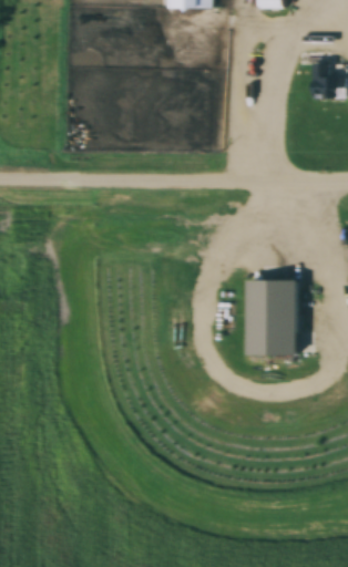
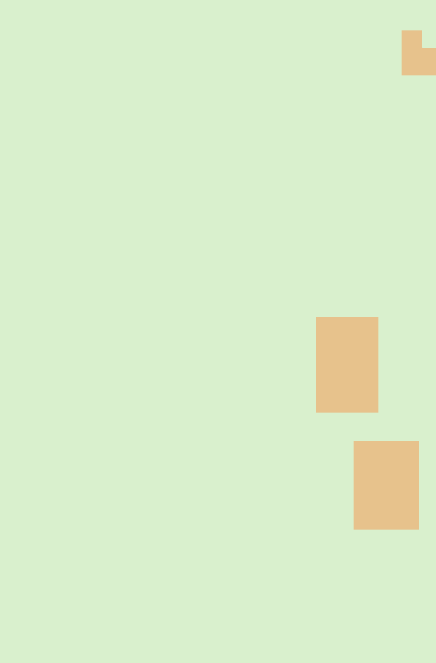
building: none -> [353,440,420,531]

